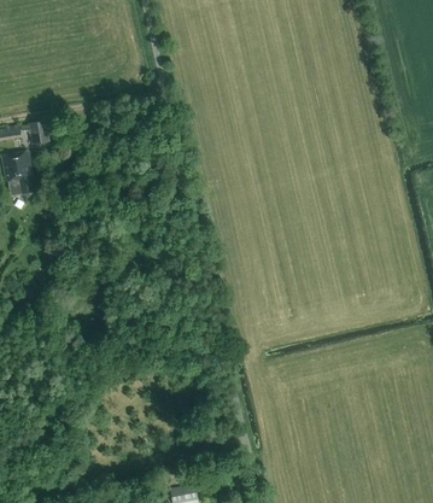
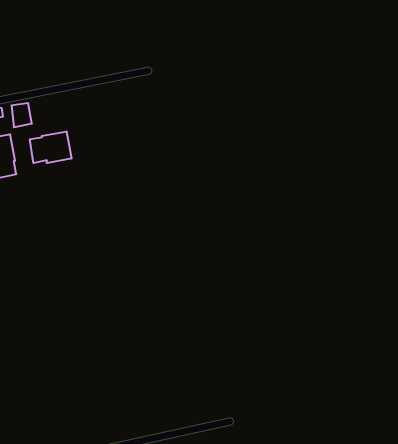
building: none -> [30,131,72,163]

